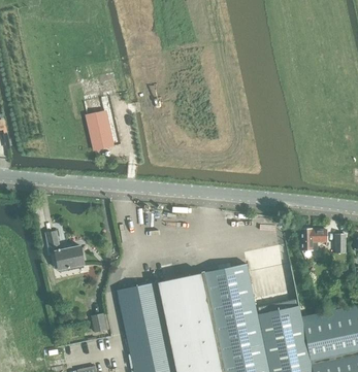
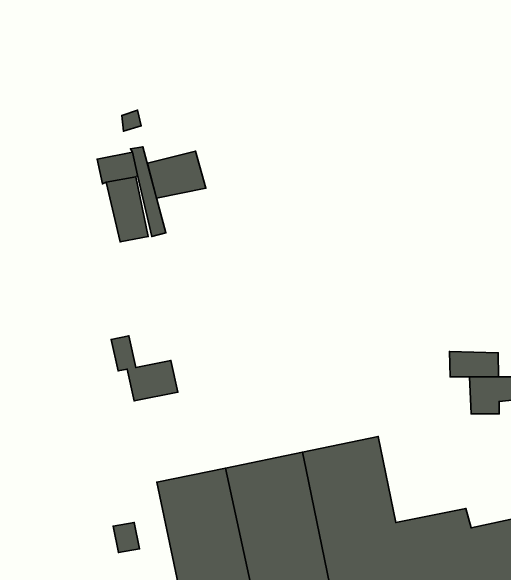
building: none -> [147,151,206,198]
building: none -> [450,352,499,377]
building: [45,232,85,270] -> [111,336,178,401]

